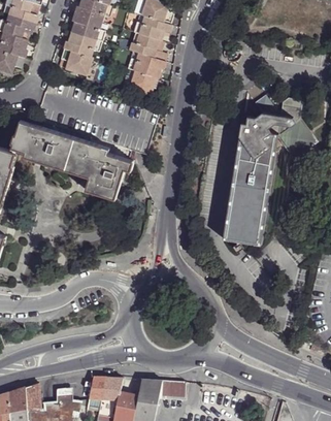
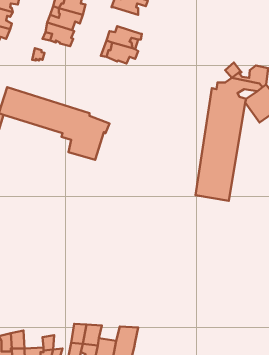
building: [129,34,166,63] -> none
building: [158,381,185,397] -> none

